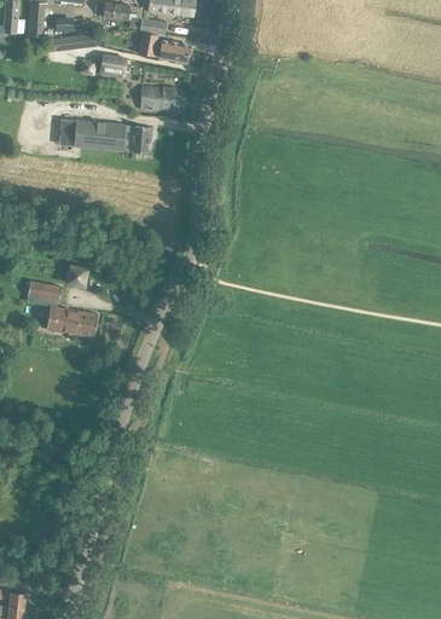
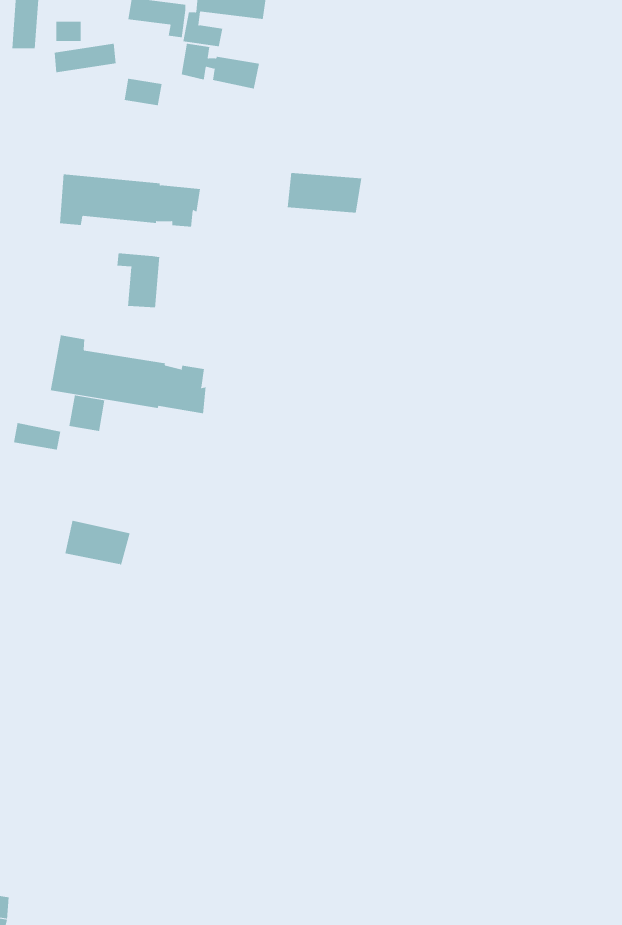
building: [139,86,188,112] -> [287,173,362,213]
building: none -> [117,253,160,308]
building: none -> [50,335,206,414]
building: [40,306,83,336] -> [64,520,131,566]

